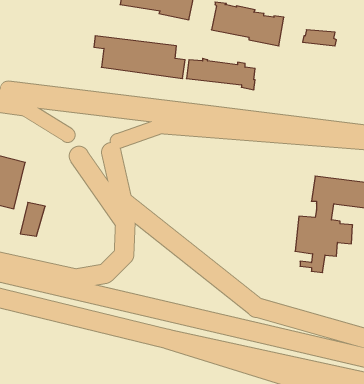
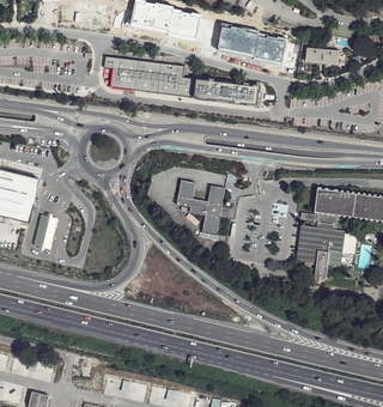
building: none -> [177,178,227,233]

